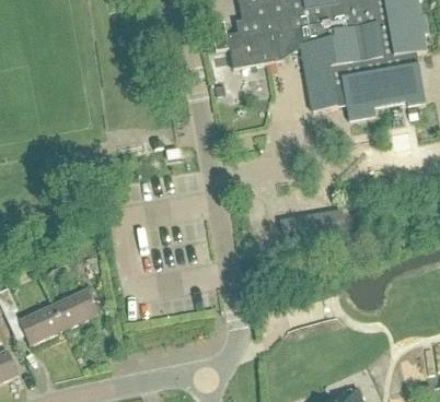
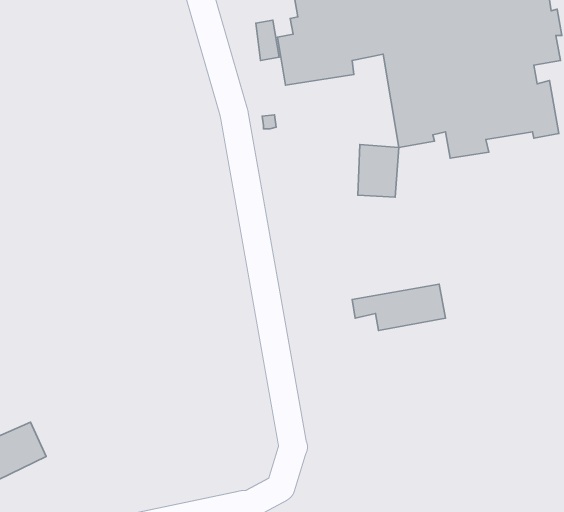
building: none -> [358,145,399,197]
building: [54,289,99,330] -> none

